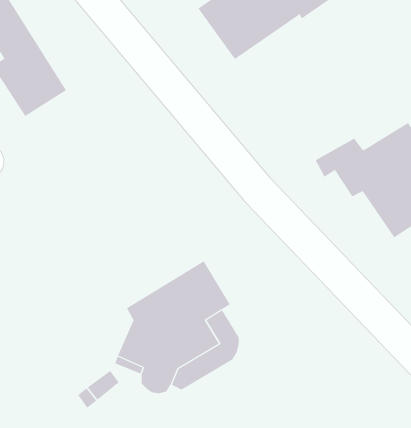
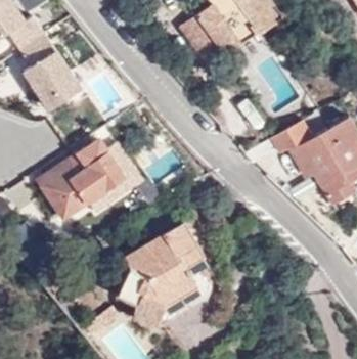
building: none -> [40,139,126,219]

